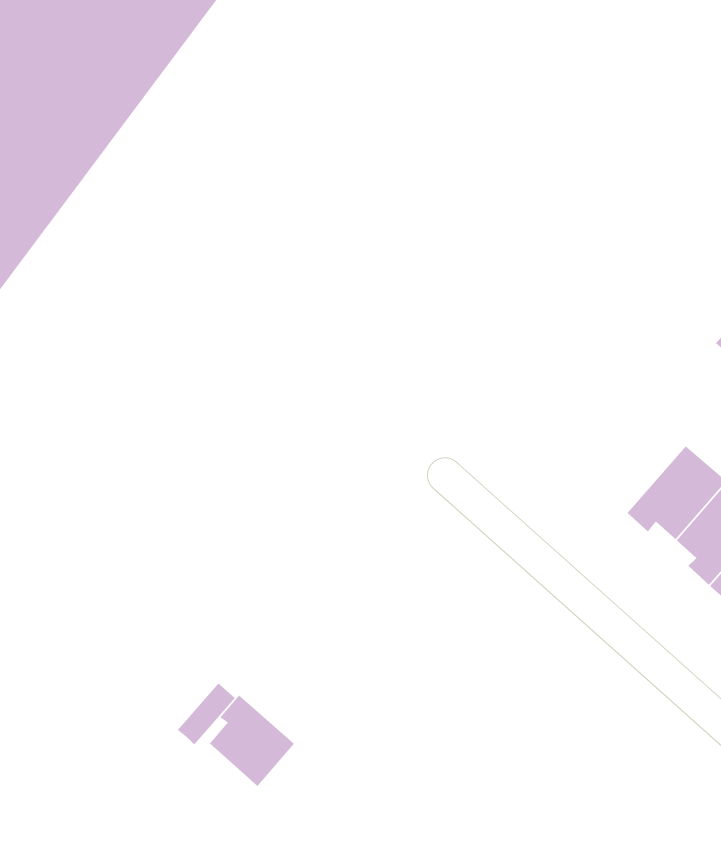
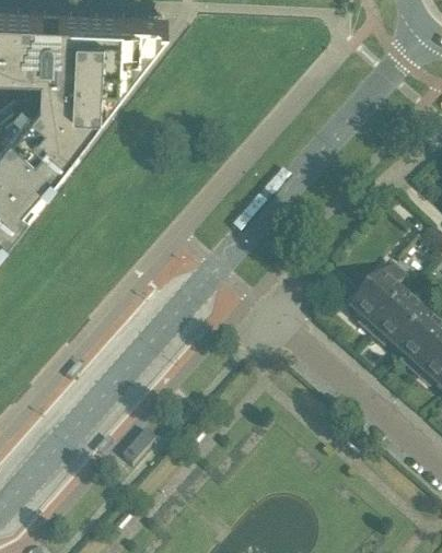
building: none -> [356,257,409,330]
building: [209,695,295,787] -> none

